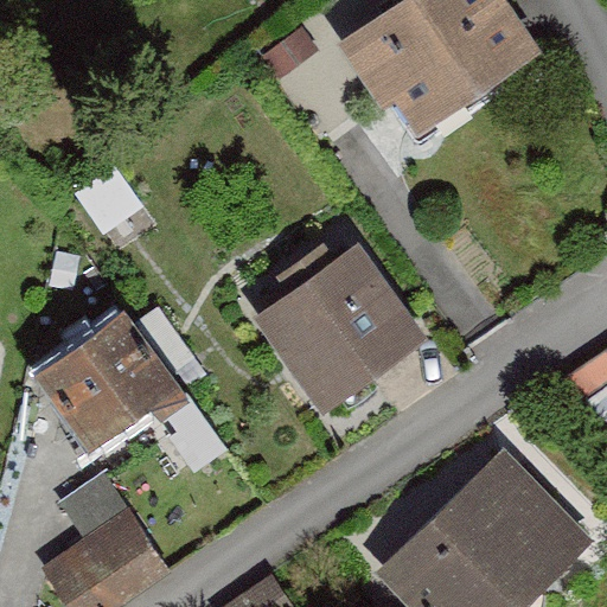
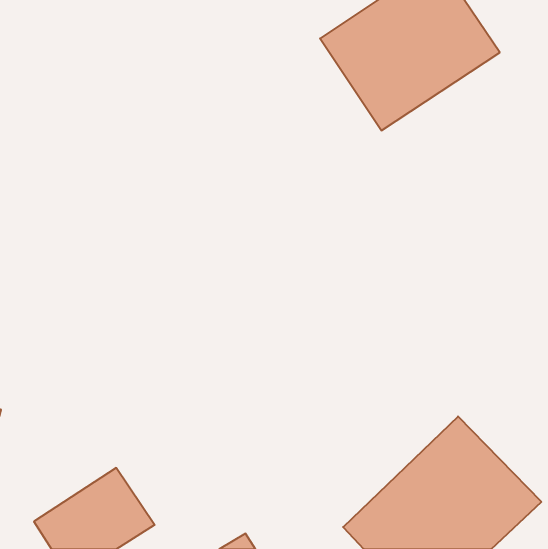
building: [258,248,422,410] -> none
building: [43,315,223,462] -> none

